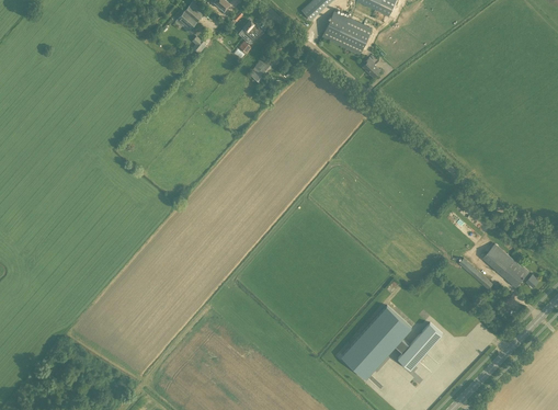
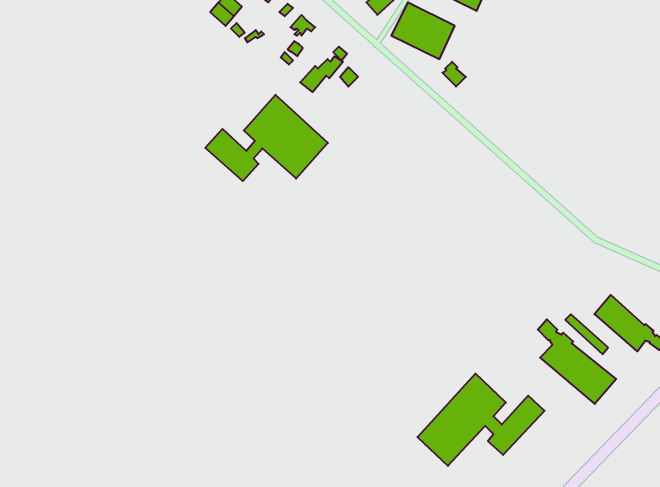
building: none -> [205,95,328,181]
building: none -> [538,319,616,404]

